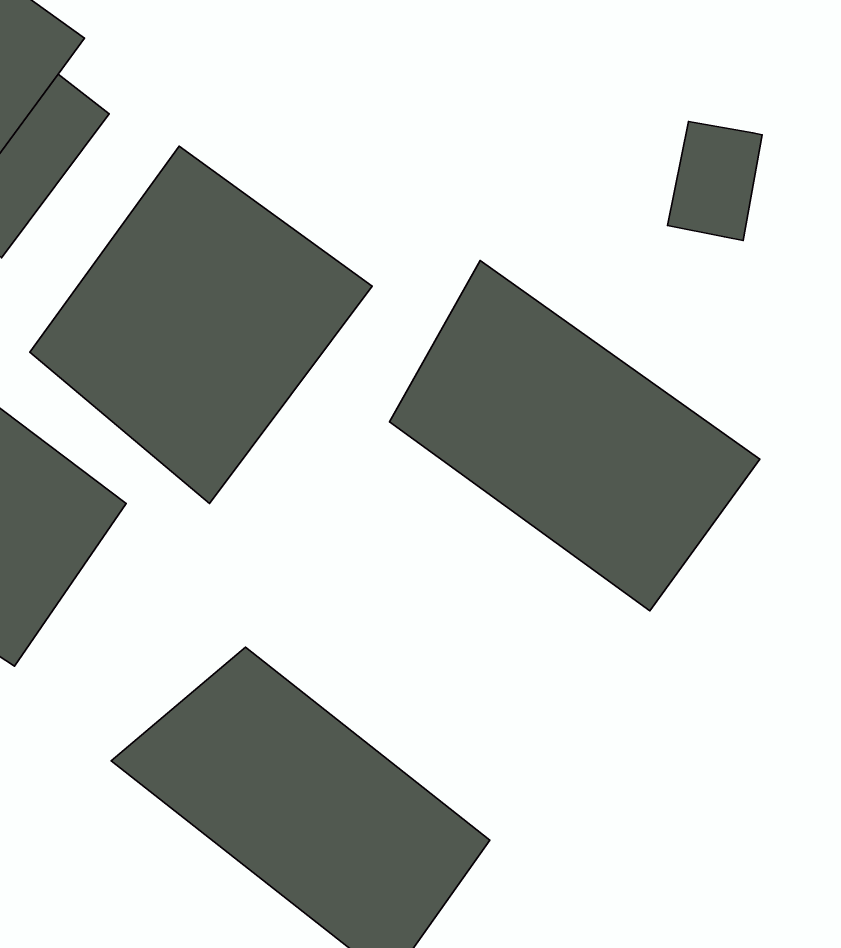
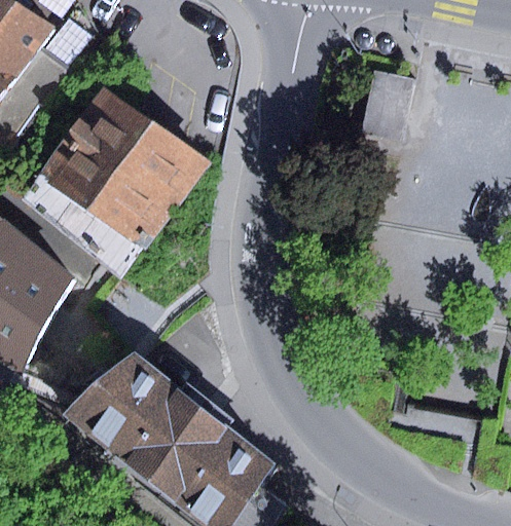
building: [389,260,760,611] -> none

